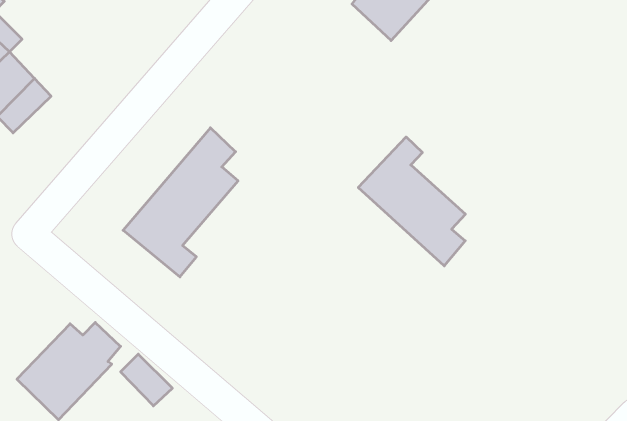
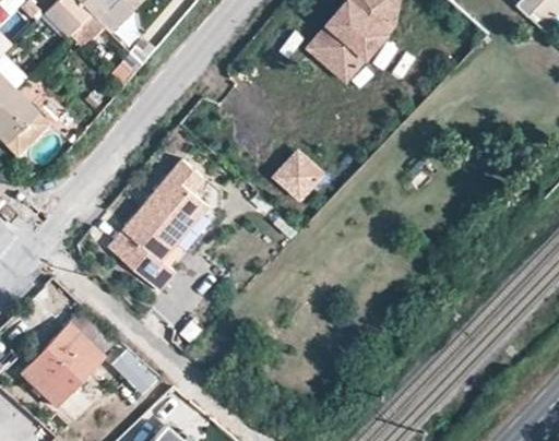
building: none -> [276,154,320,196]
building: [358,137,465,266] -> none

